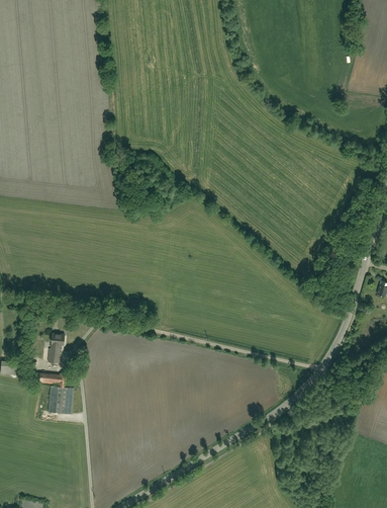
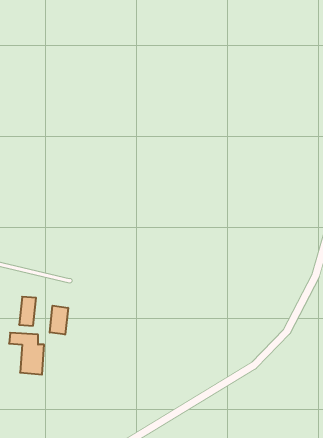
building: none -> [50,306,68,335]

